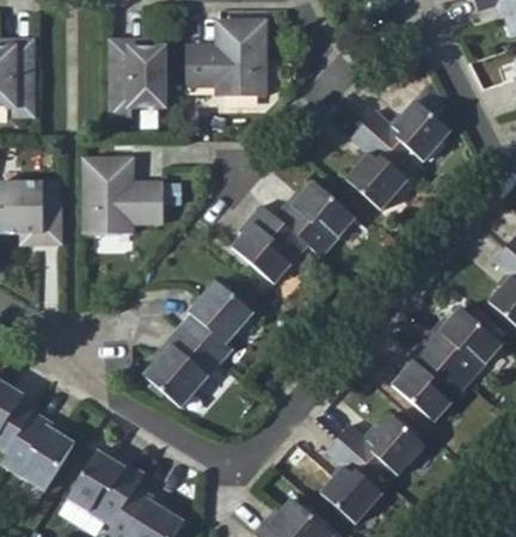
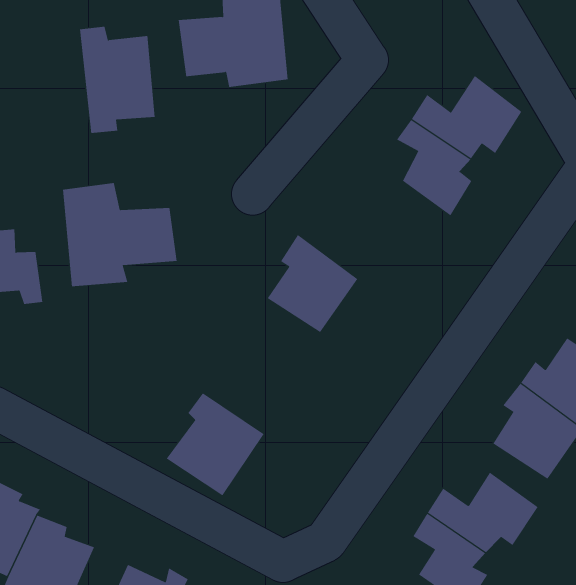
building: [272,193,351,263] -> none
building: [174,279,252,362] -> none

